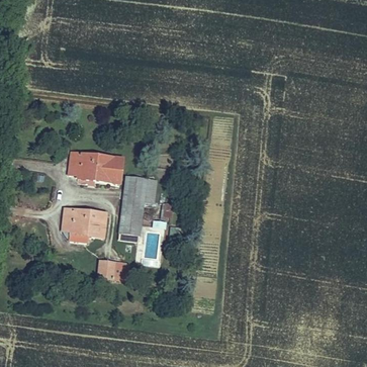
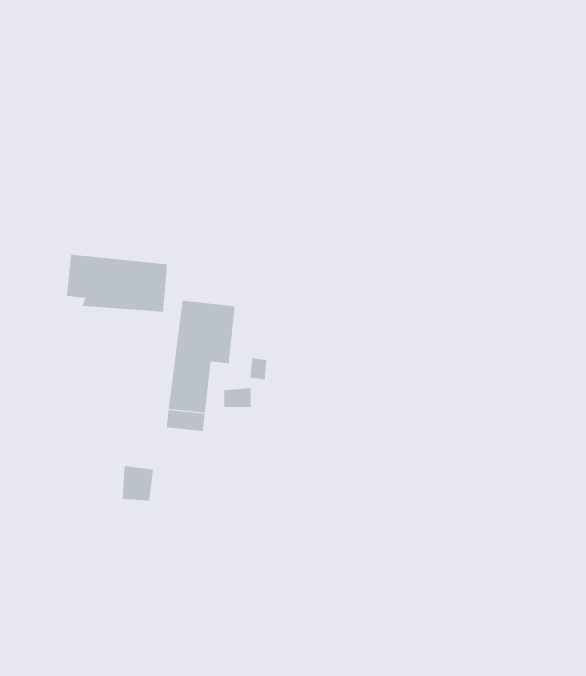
building: [63,208,103,241] -> none

